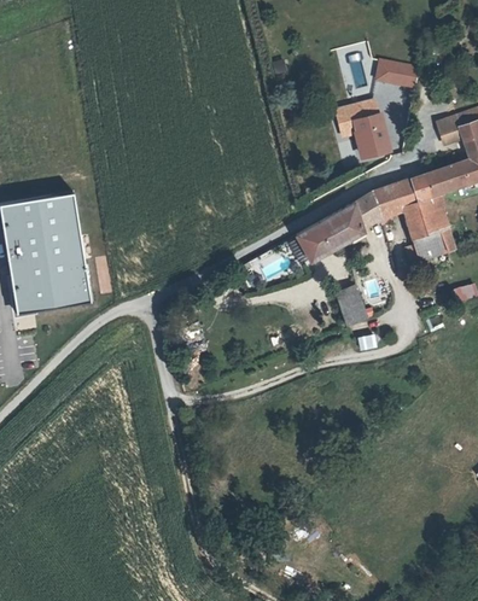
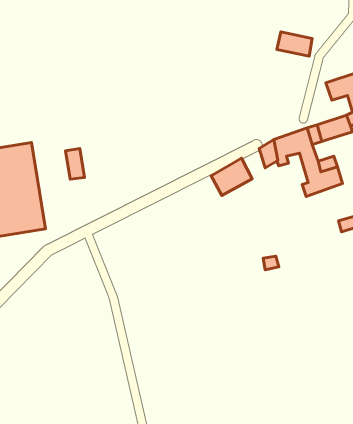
building: [336,97,400,168] -> none
building: [332,202,361,239] -> none
building: none -> [66,149,84,179]
building: [337,284,368,323] -> none

